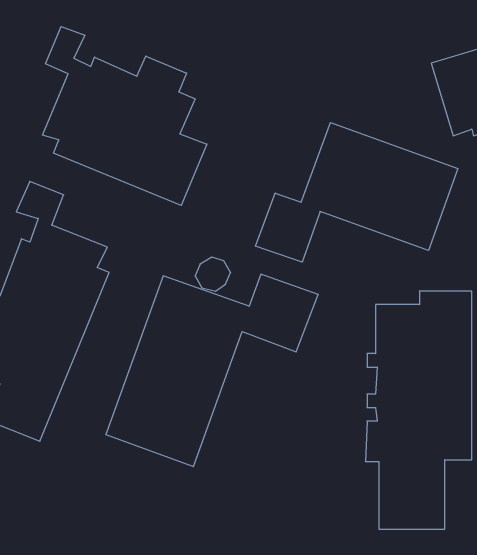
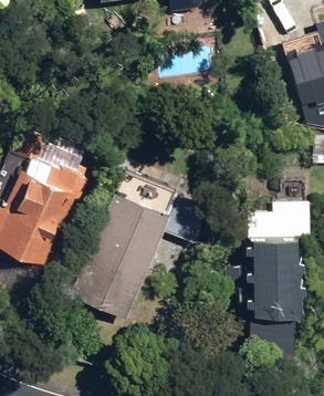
building: [42,27,207,205] -> none
building: [256,123,458,262] -> none

